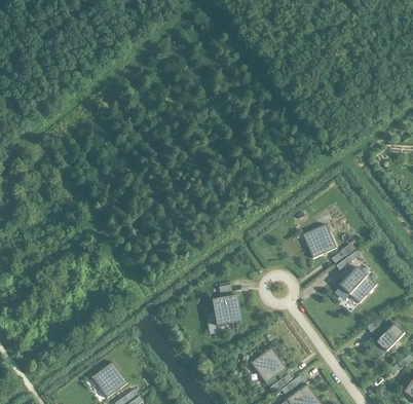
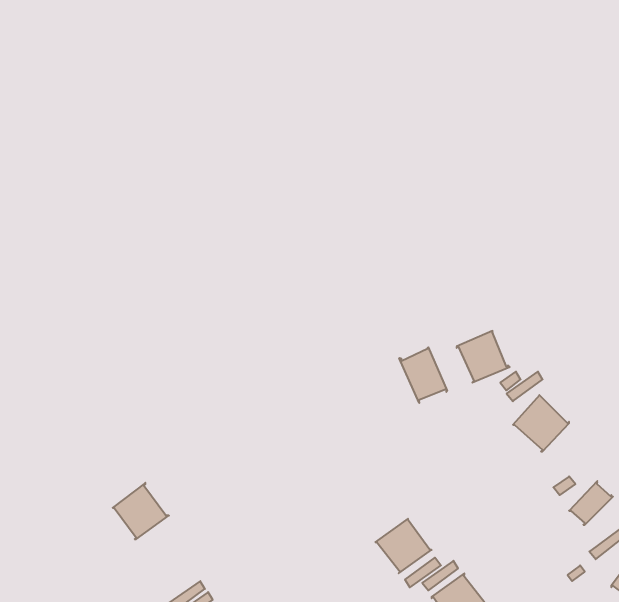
building: none -> [399,347,447,403]
building: [210,295,240,326] -> none
building: [90,361,127,398] -> [113,483,169,539]

